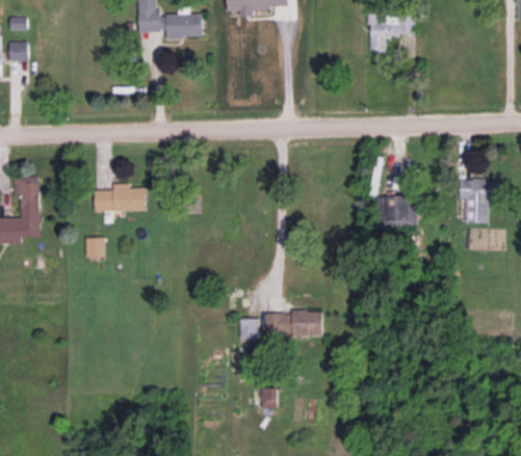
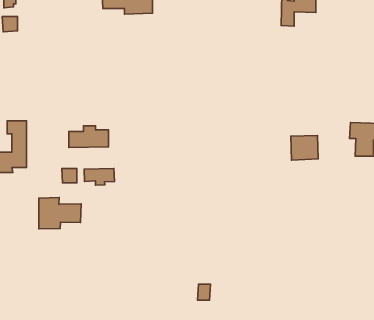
building: none -> [84,169,114,185]
building: none -> [39,198,81,229]
building: [264,310,322,337] -> none
building: [239,318,259,339] -> none

